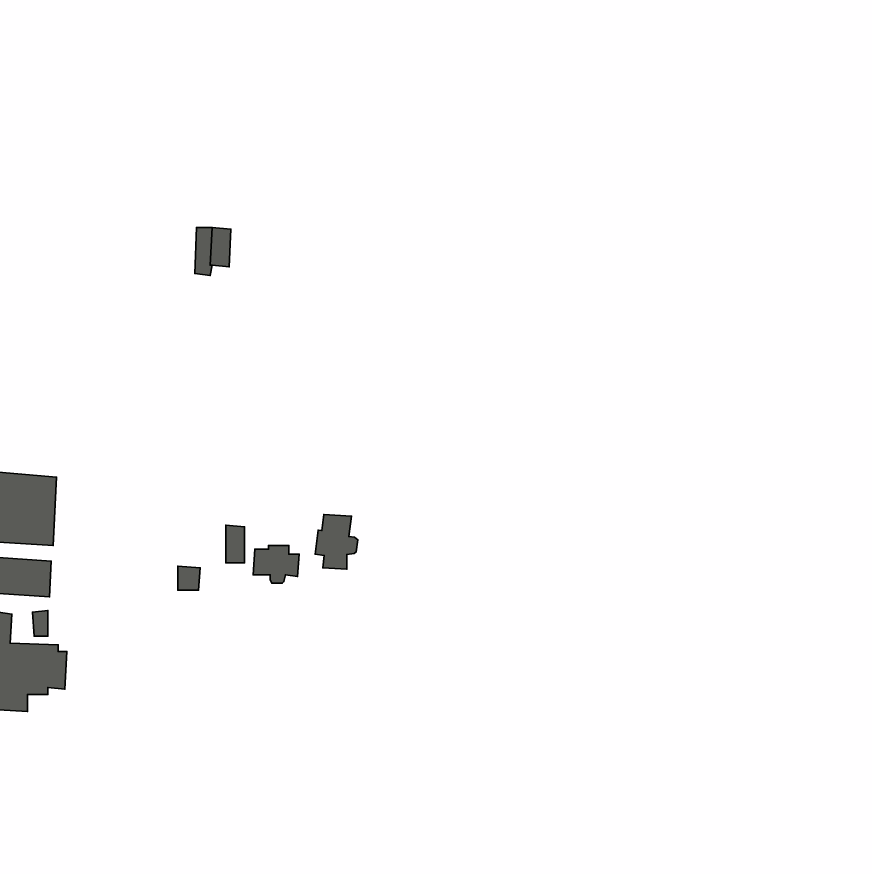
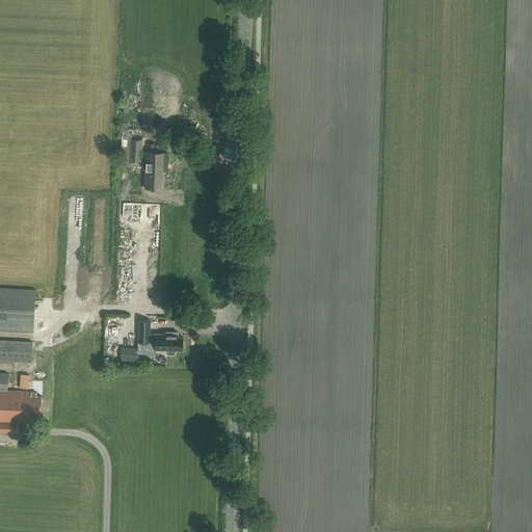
building: none -> [143,152,167,189]
building: [315,514,358,569] -> none

